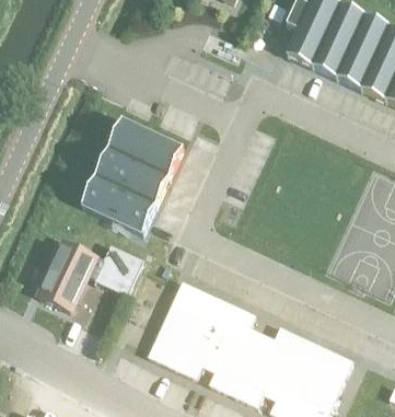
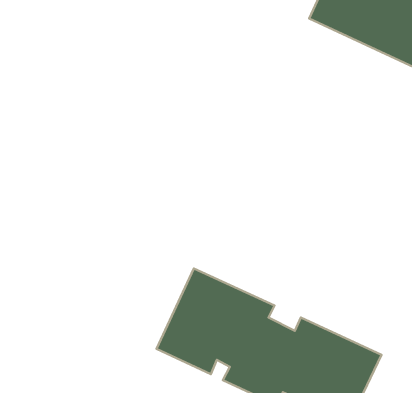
building: [81,118,183,232] -> none
building: [42,234,142,305] -> none

